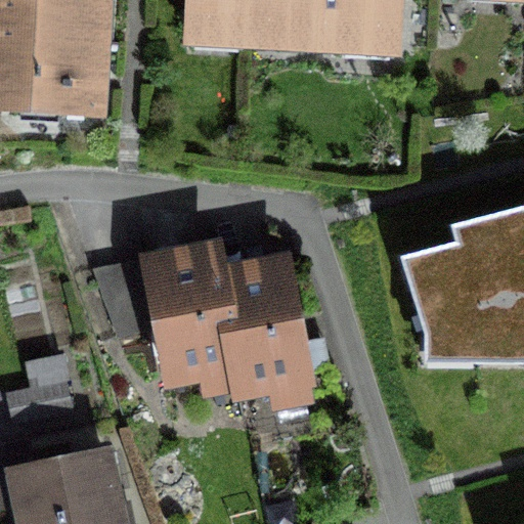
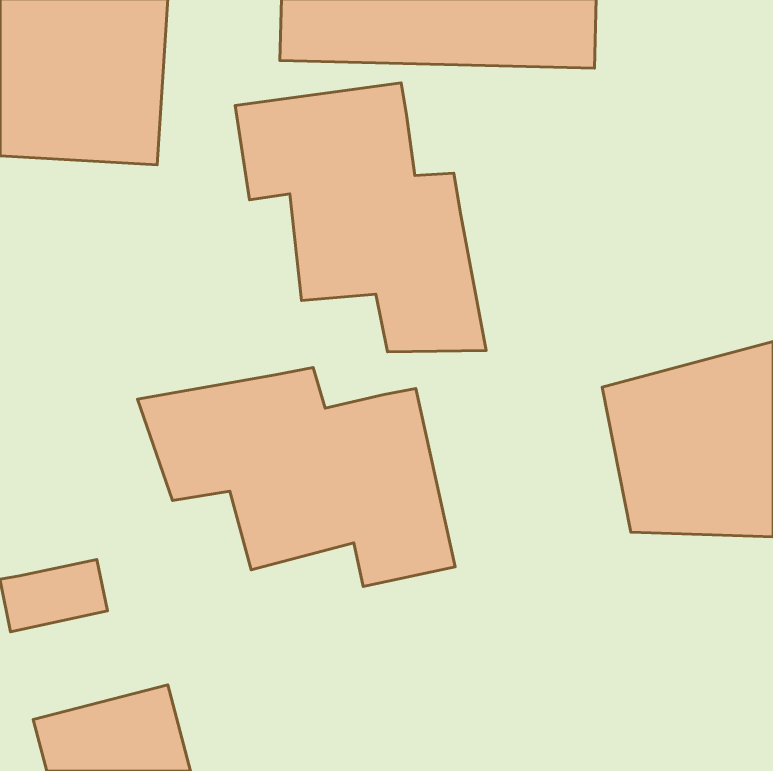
building: none -> [235,83,486,352]

